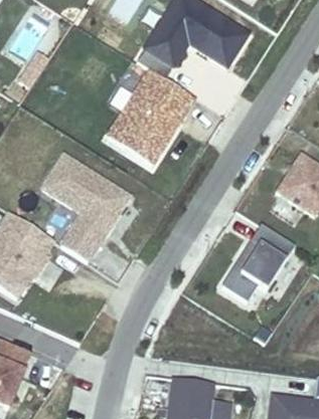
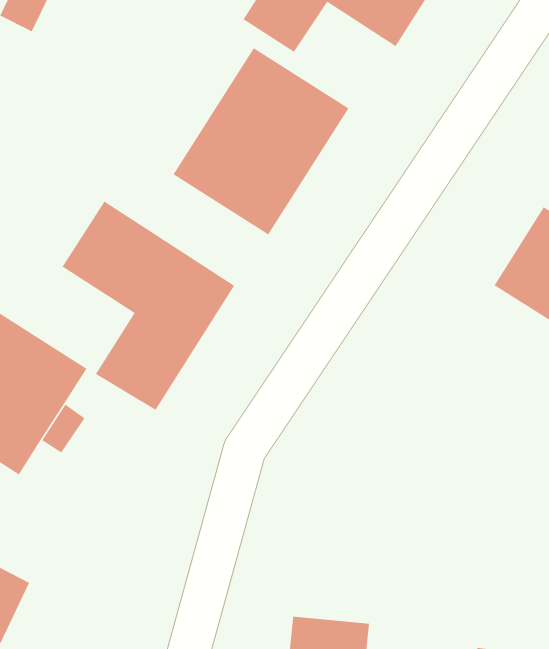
building: [220,219,289,291] -> none

